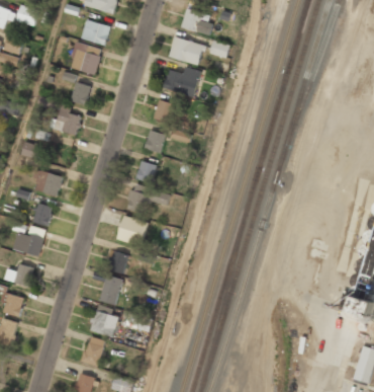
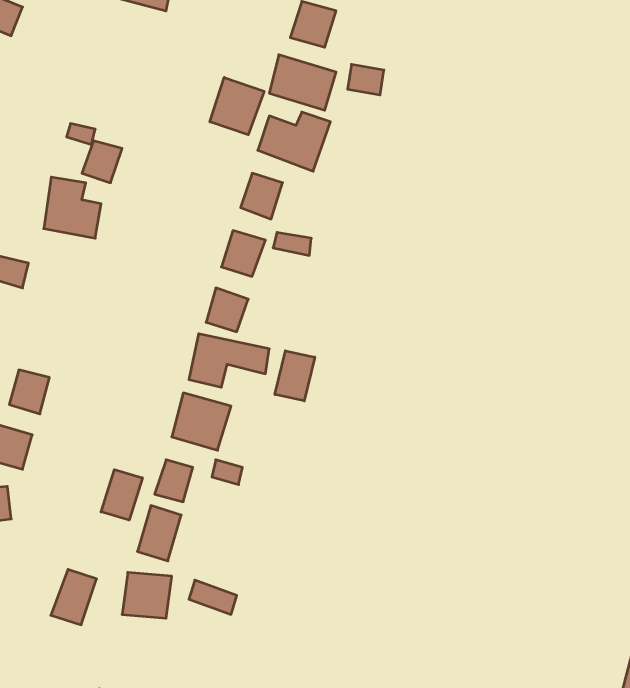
building: [80,19,110,46] -> none
building: [69,42,102,76] -> none
building: none -> [210,77,264,135]
building: [33,173,60,193] -> none
building: none -> [275,351,315,401]
building: none -> [101,470,142,520]
building: [81,336,105,366] -> [51,569,97,625]

